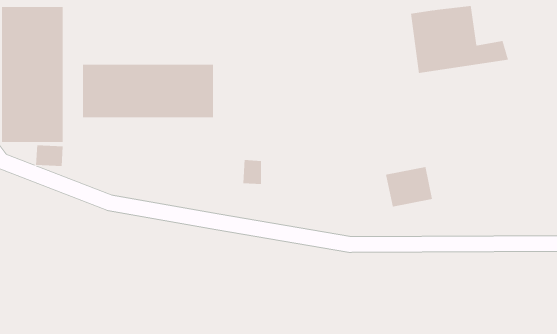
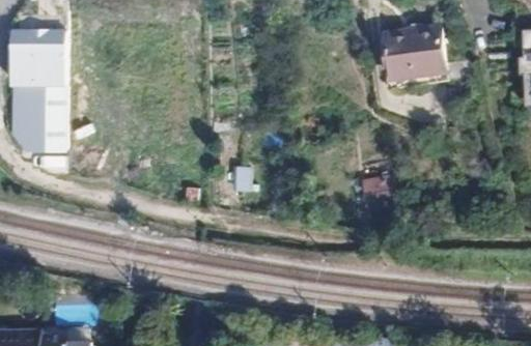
building: [82,64,214,118] -> none

